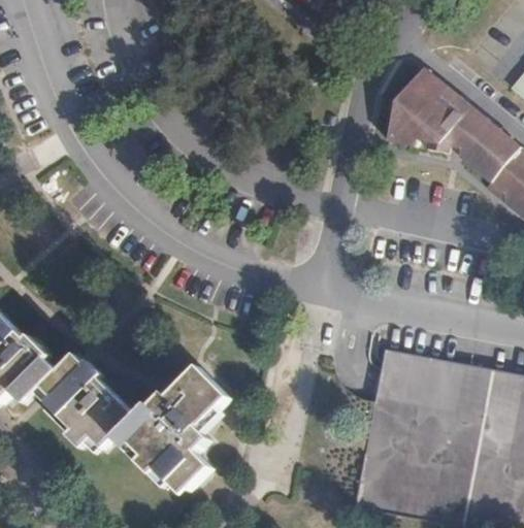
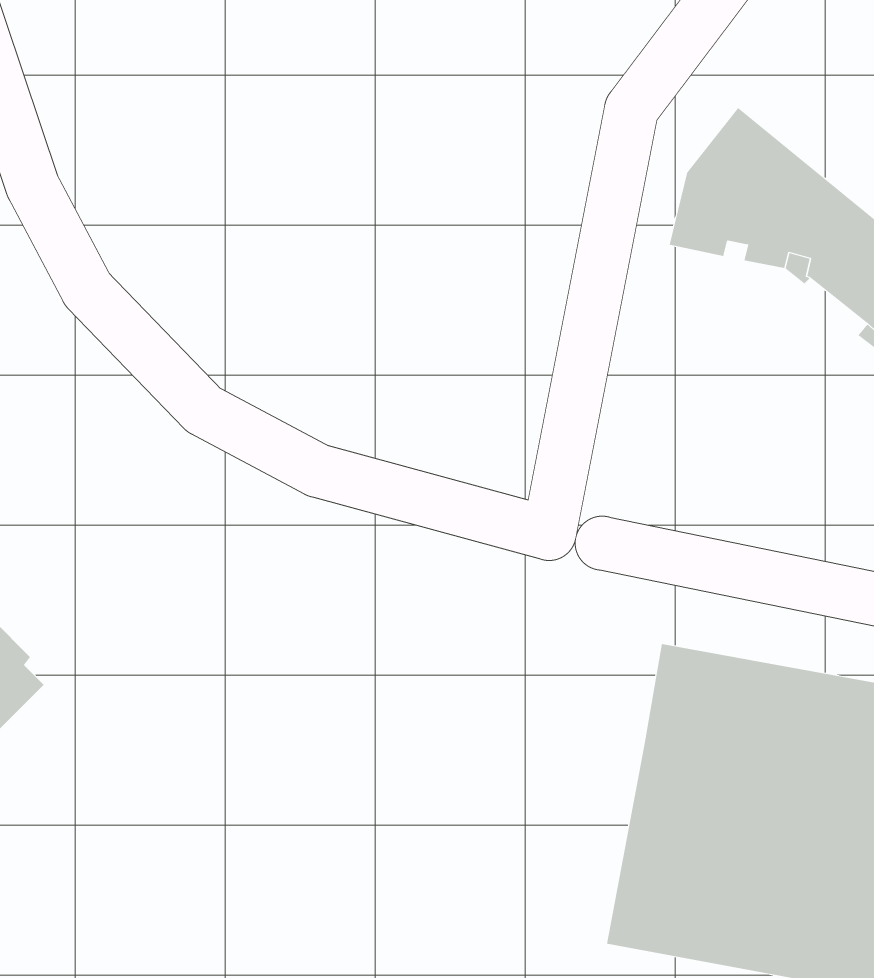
building: [46,364,231,491] -> none

